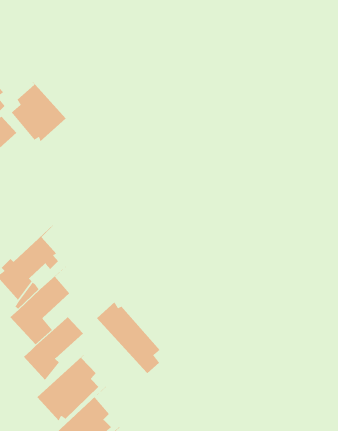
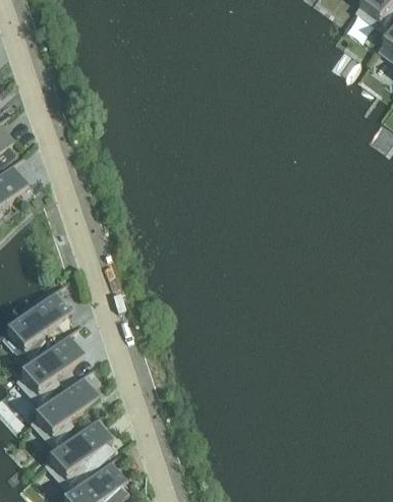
building: [11,74,66,142] -> none
building: [96,302,161,389] -> none

